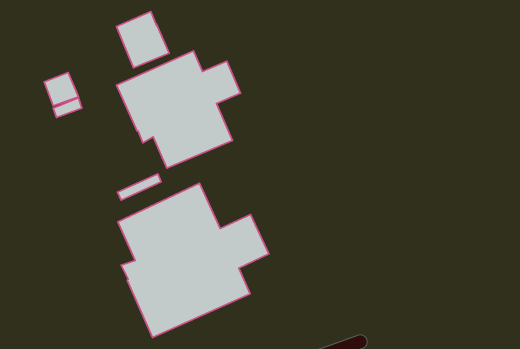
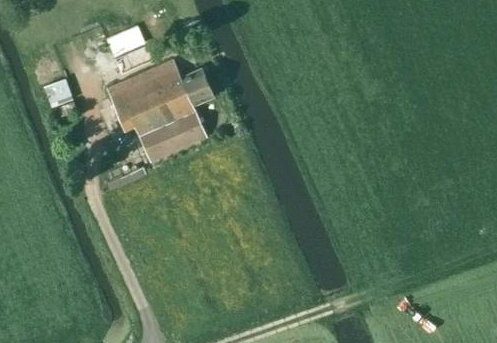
building: [118,183,269,337] -> none

